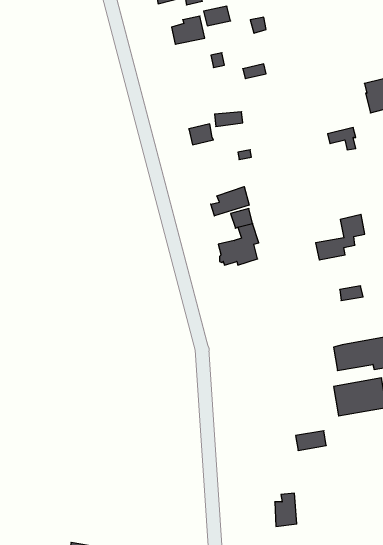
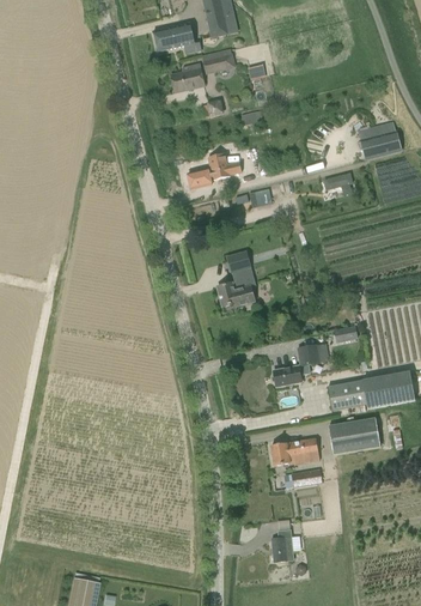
building: [211,187,249,216] -> none
building: [316,214,365,260] -> [273,343,321,387]
building: none -> [270,438,319,466]

